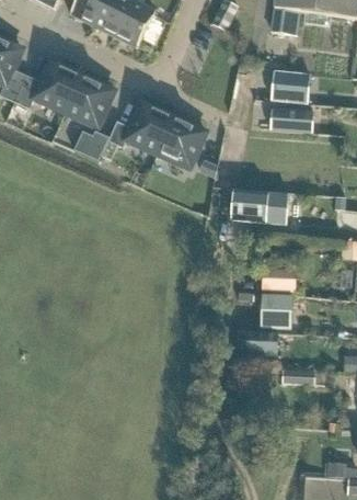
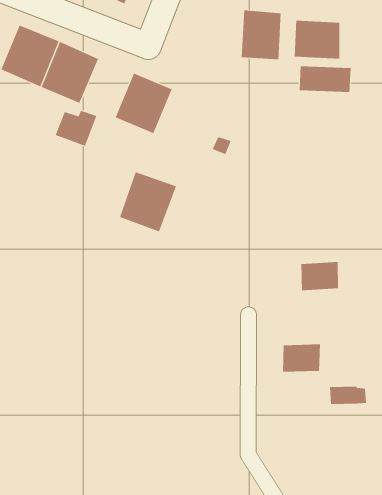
building: none -> [241,9,281,60]
building: [158,116,206,167] -> [119,171,177,232]
building: [231,189,289,224] -> none
building: [261,293,291,329] -> none

